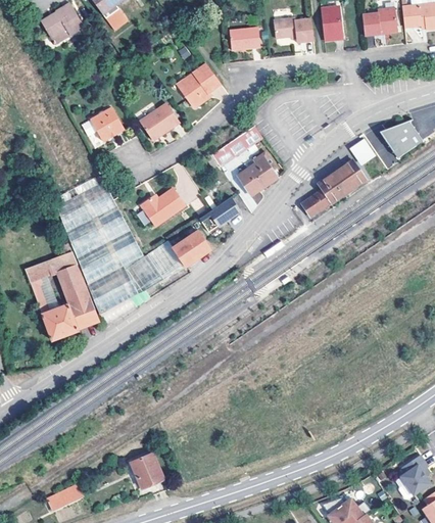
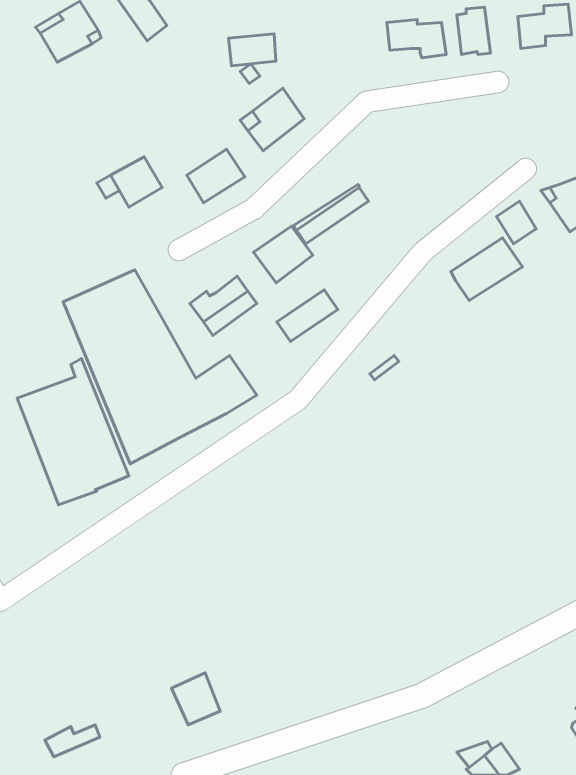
building: [227,30,258,51] -> [228,34,276,66]
building: [238,157,278,195] -> [253,226,313,283]
building: [299,191,329,218] -> none
building: [168,231,213,268] -> none

